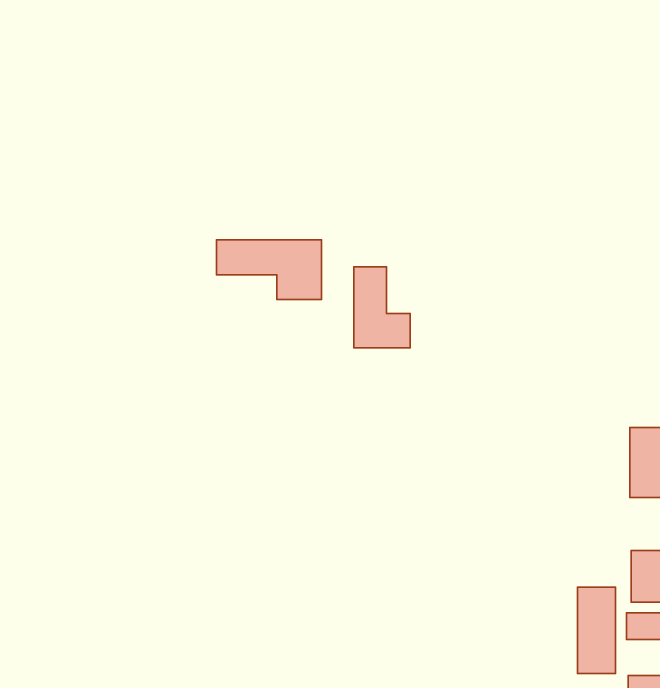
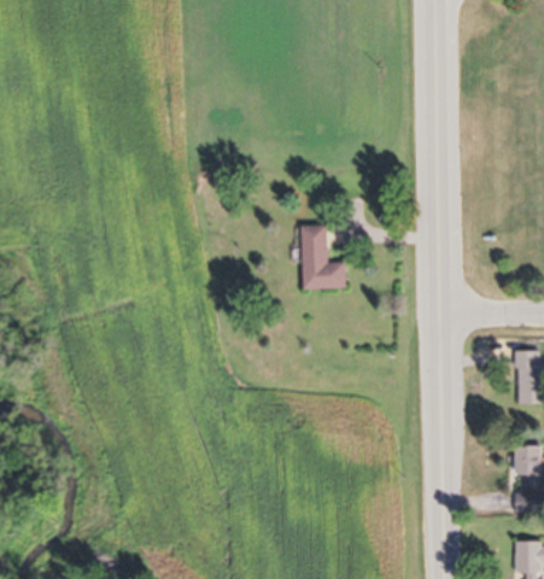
building: [216,240,321,300] -> none
building: [578,587,615,673] -> none

